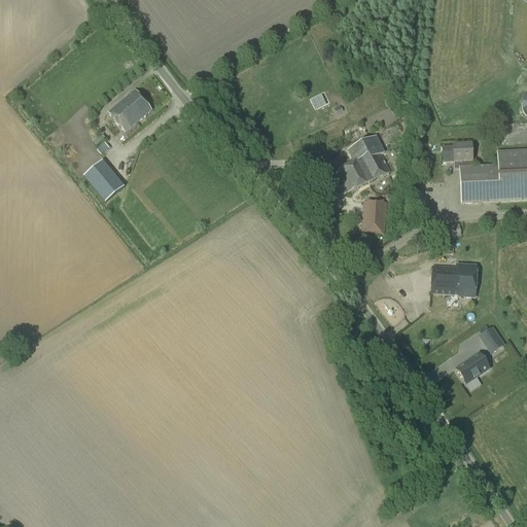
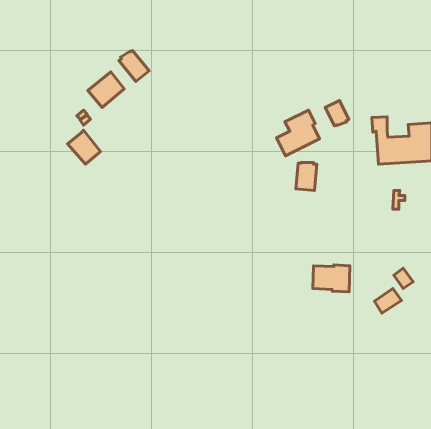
building: none -> [119,50,149,81]
building: none -> [325,100,349,126]
building: [431,262,477,295] -> [313,265,350,292]

